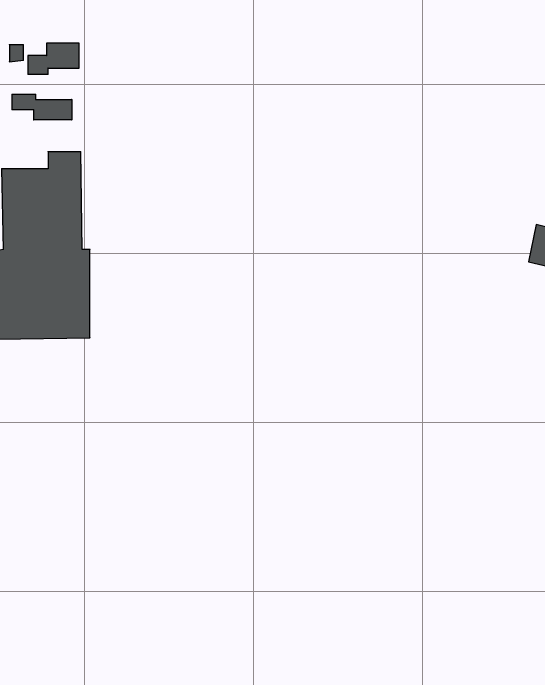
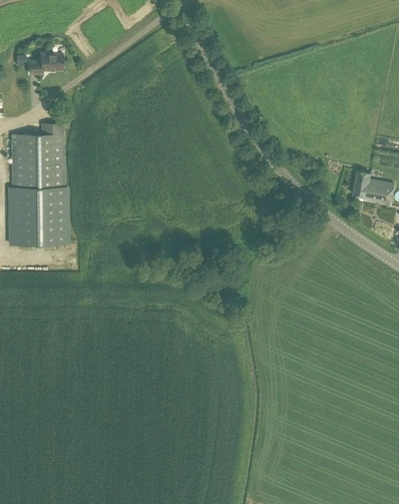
building: [12,94,72,120] -> none

